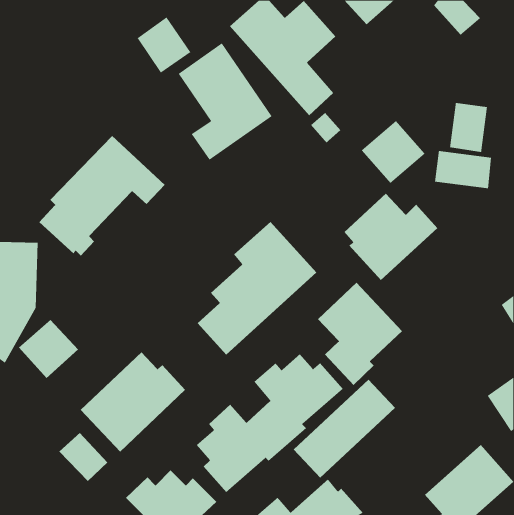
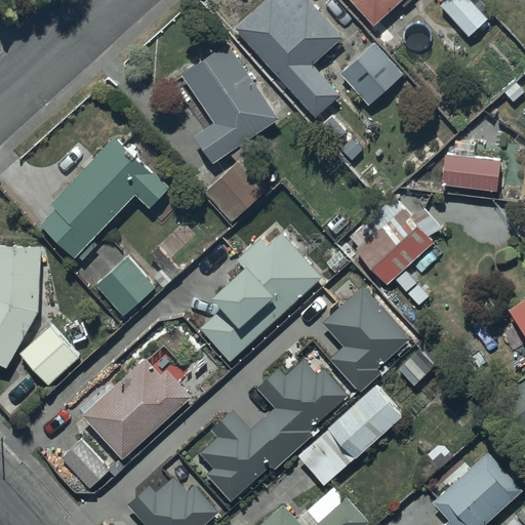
building: [137,16,191,73] -> none
building: [450,102,488,153] -> none
building: [361,120,425,184] -> [338,43,404,108]
building: none -> [203,162,265,223]
building: none -> [95,256,155,316]

